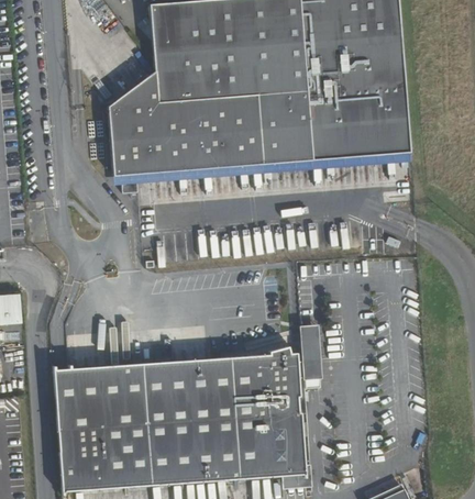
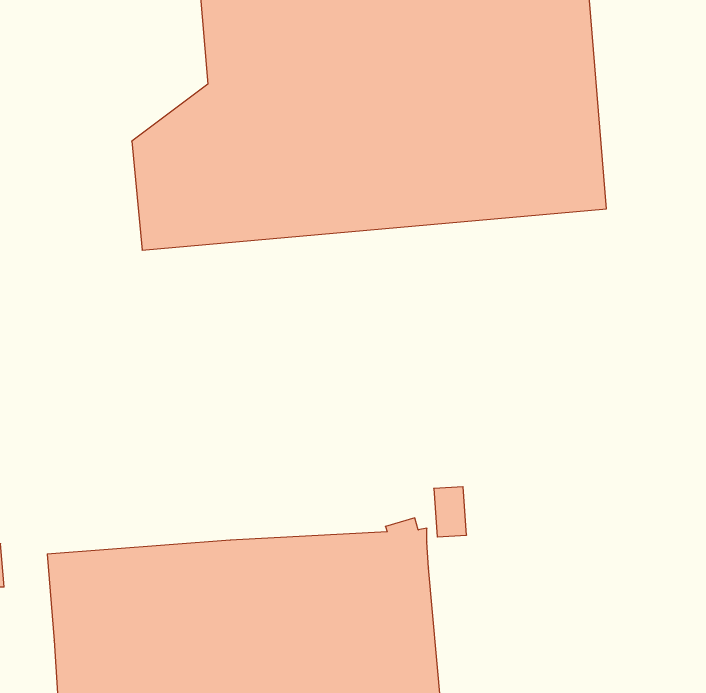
building: [296,357,322,380] -> none

